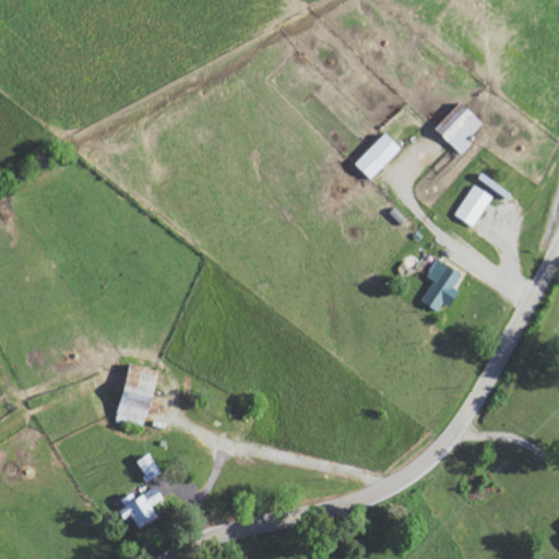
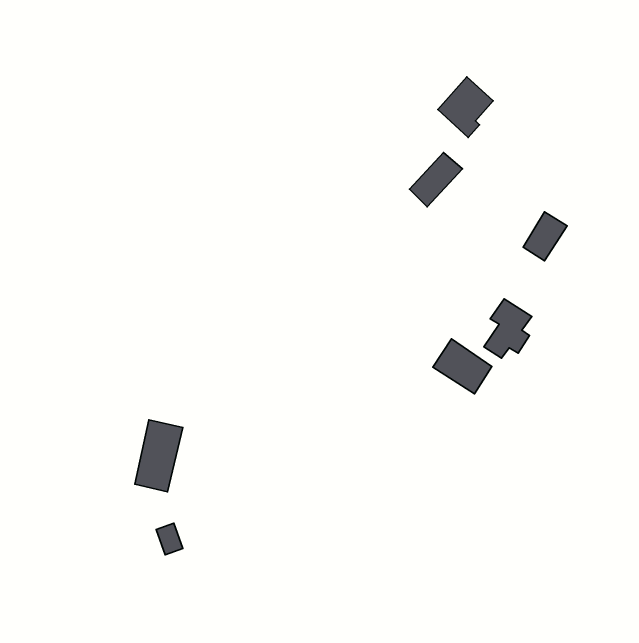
building: [435,100,483,153] -> [438,77,493,137]
building: none -> [433,339,492,394]
building: [115,485,162,528] -> none

